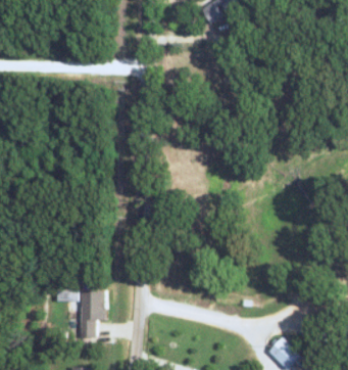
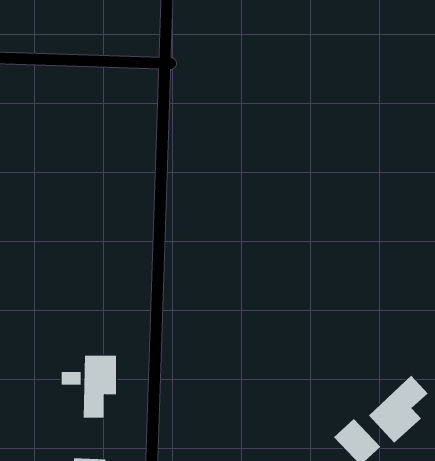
building: none -> [368,375,428,444]

